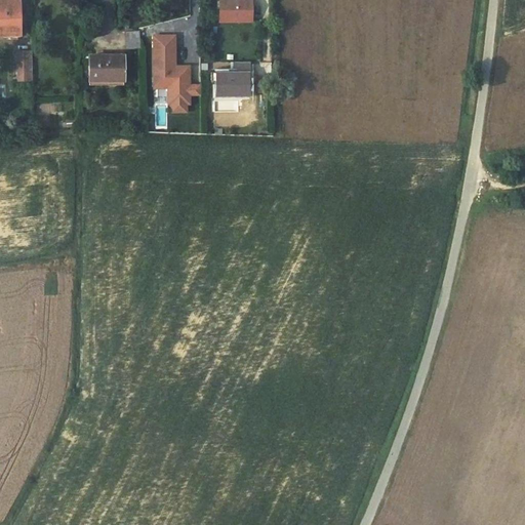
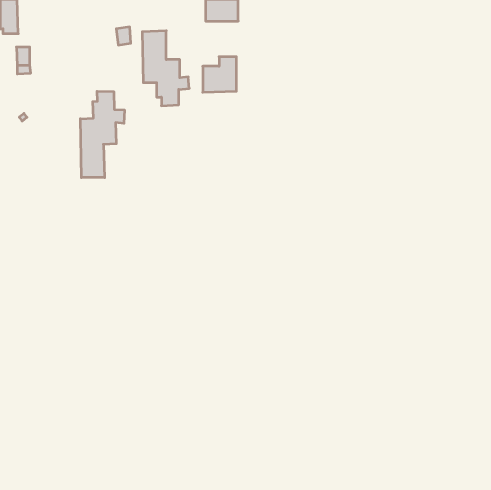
building: [89,54,123,78] -> none
building: none -> [80,91,124,178]

